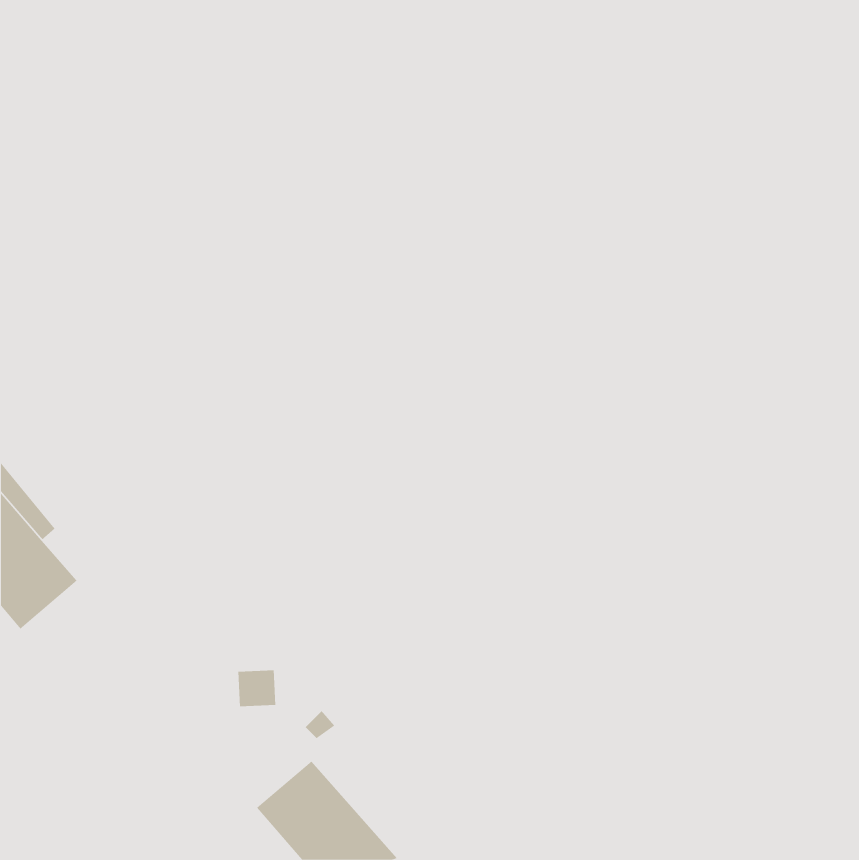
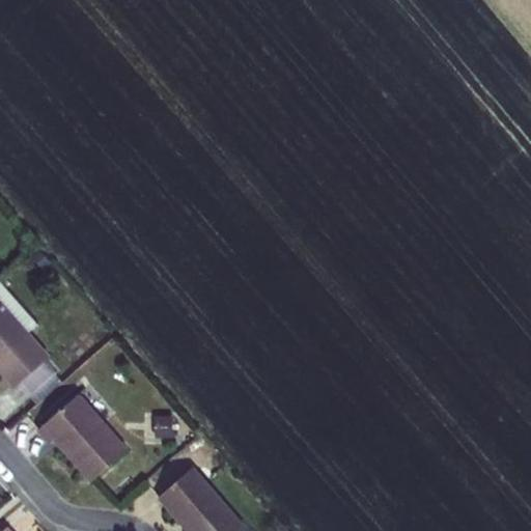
building: none -> [37,395,127,482]

